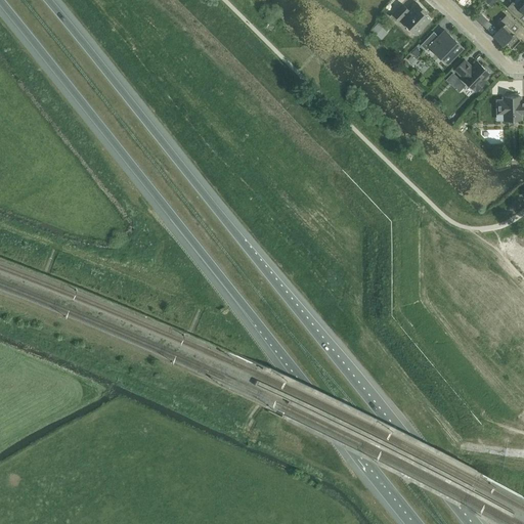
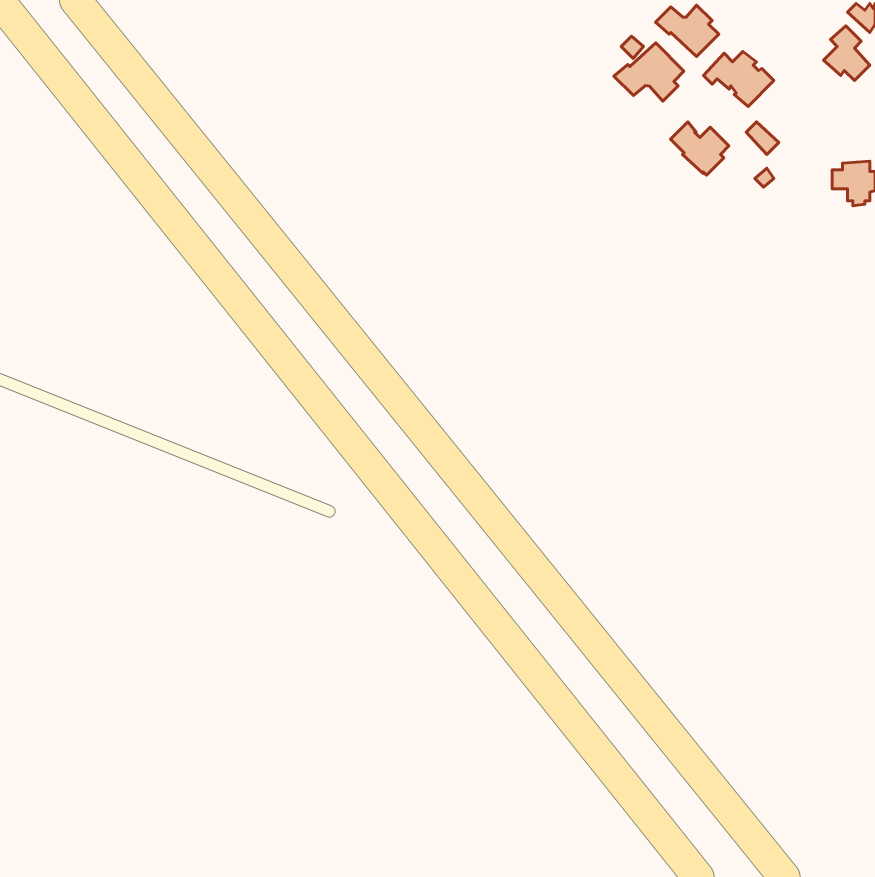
building: none -> [614,43,684,101]
building: [453,59,488,91] -> [671,122,729,175]

